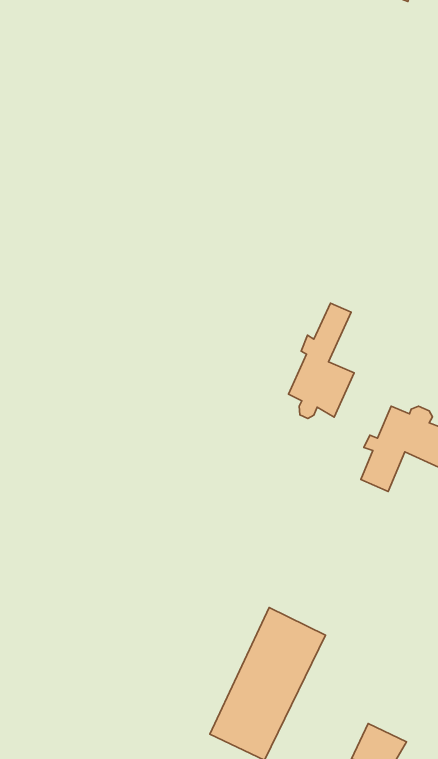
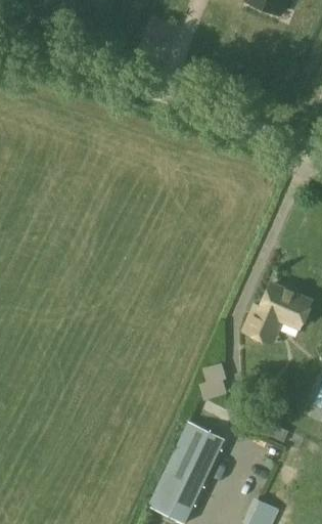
building: [288,303,354,419] -> none
building: none -> [200,361,228,397]

